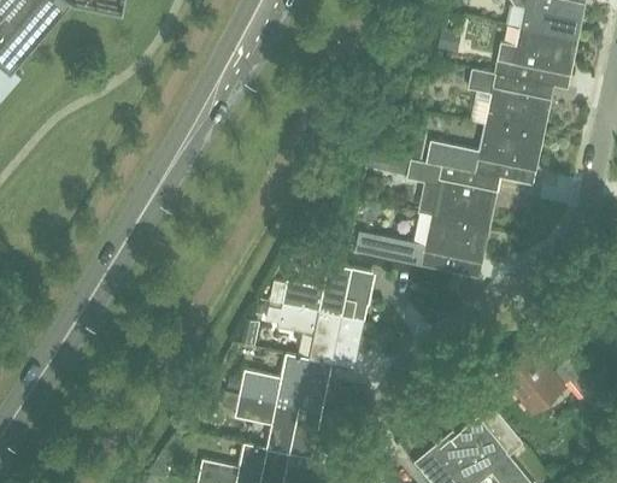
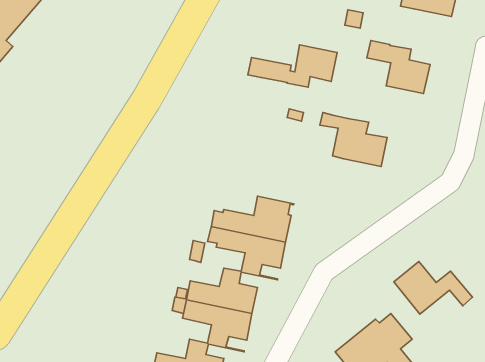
building: [494,30,571,84] -> none
building: [424,126,536,179] -> [248,45,337,87]
building: [359,218,483,272] -> none

